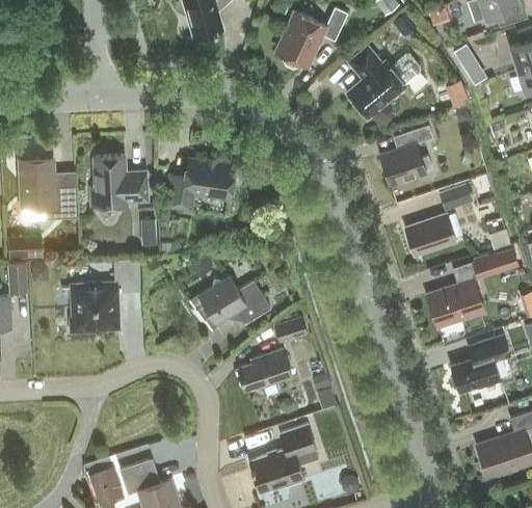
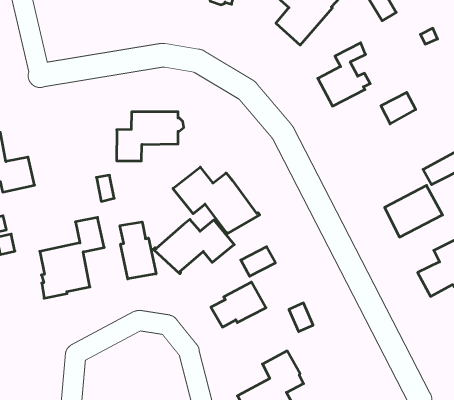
building: [90,156,148,207] -> none
building: [404,213,456,256] -> none
building: none -> [173,167,260,234]
building: none -> [120,222,156,279]

